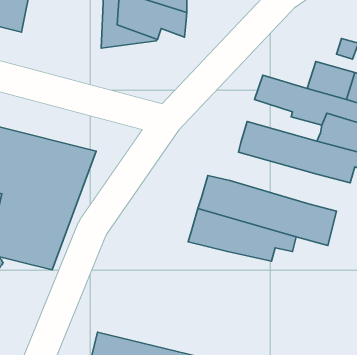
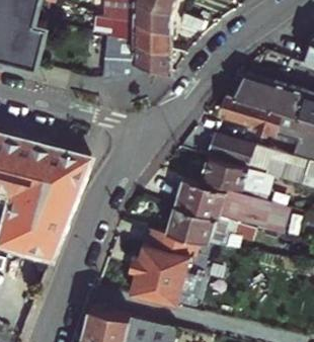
building: none -> [231,76,274,107]
building: none -> [204,160,276,202]
building: none -> [131,231,202,306]

